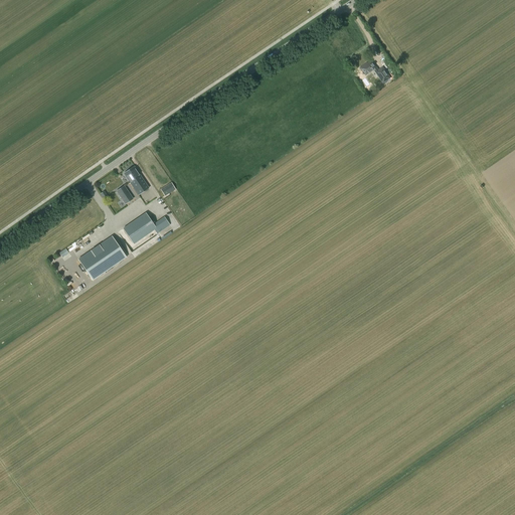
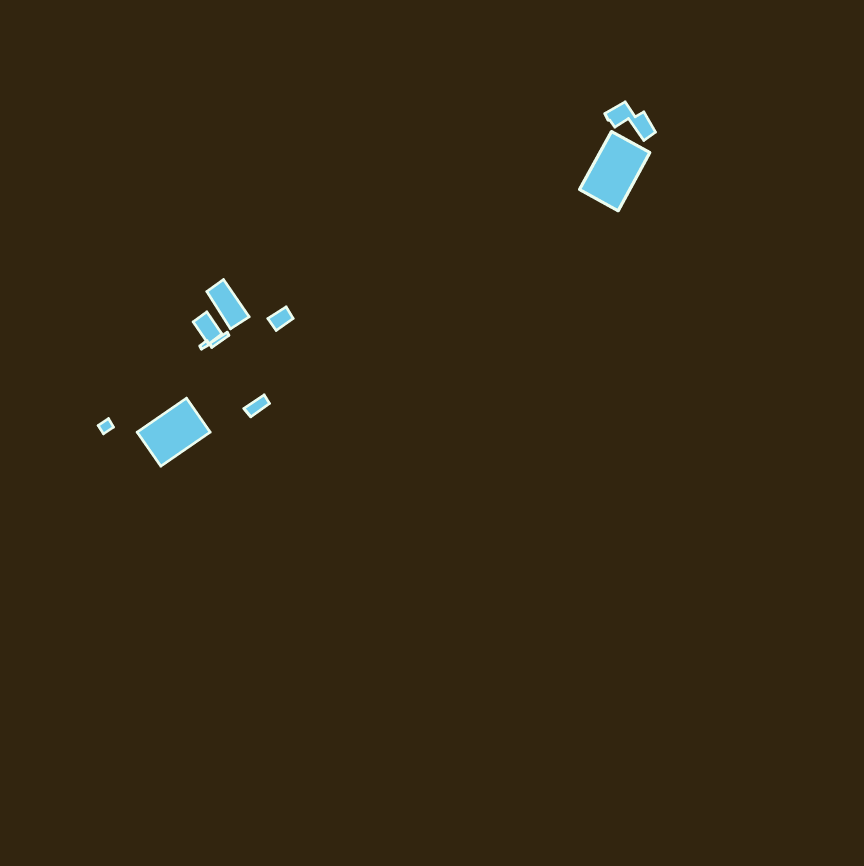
building: none -> [580,131,650,211]
building: [122,213,156,244] -> none

